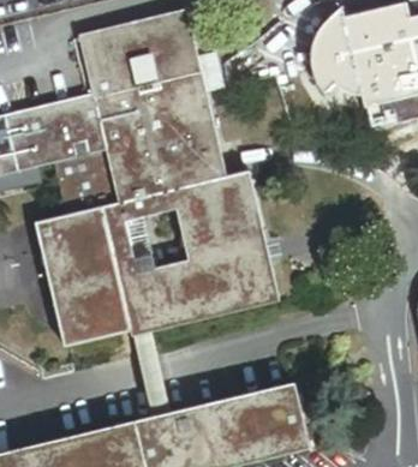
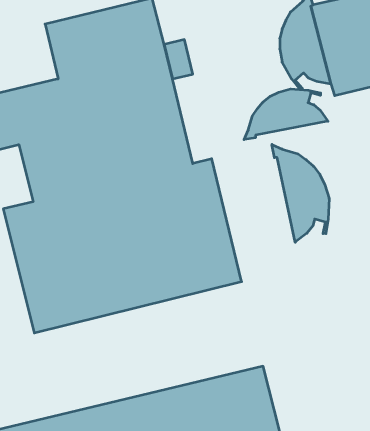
building: none -> [244,89,328,140]
building: none -> [272,144,329,242]

